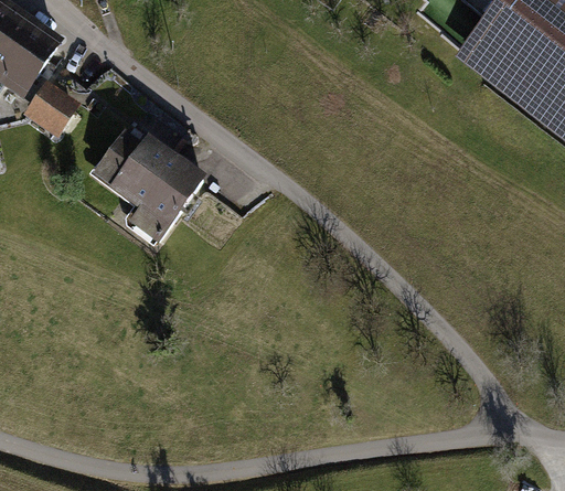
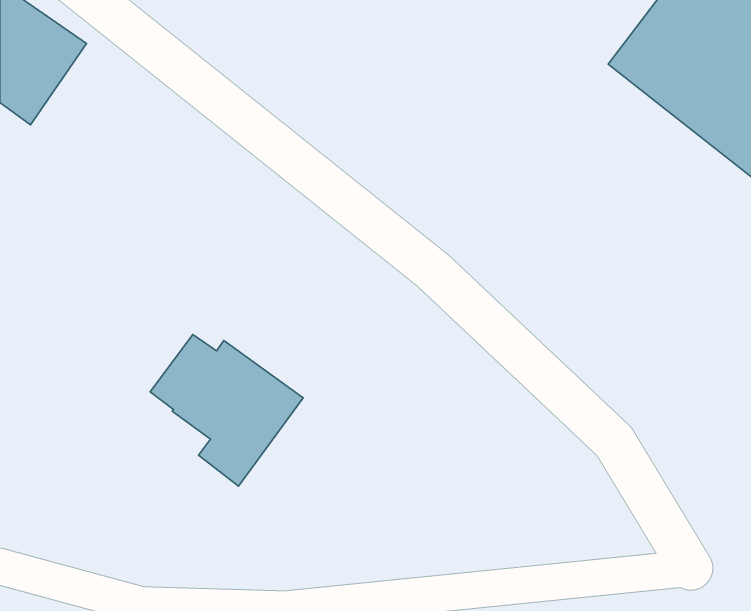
building: [23,77,82,135] -> none
building: [92,129,206,243] -> [150,335,303,486]

